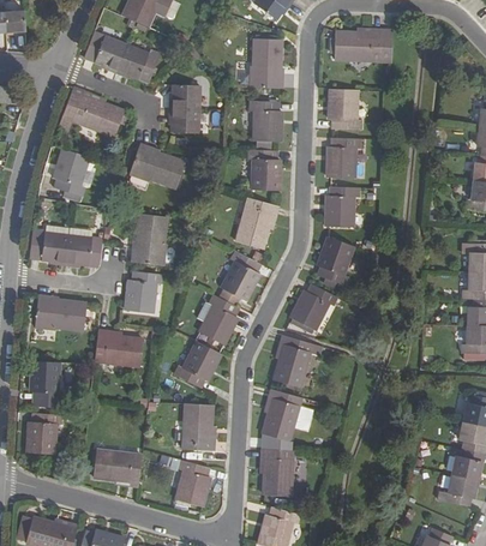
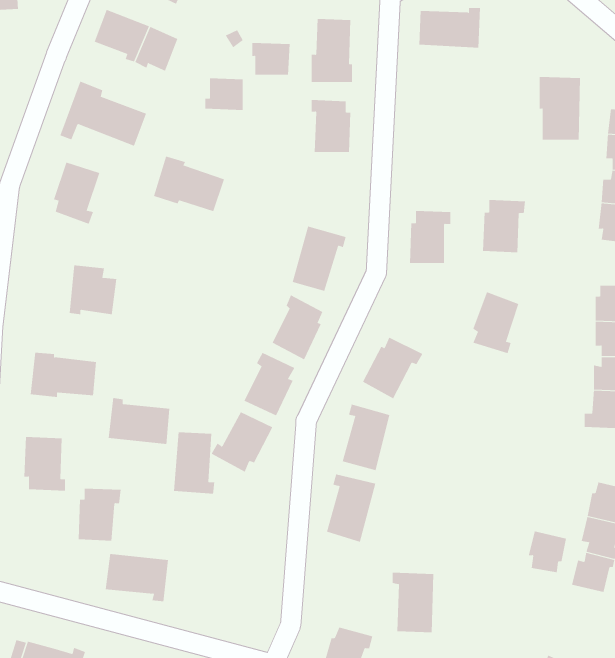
building: [330,80,362,130] -> [539,76,581,140]
building: [169,108,199,133] -> [251,42,290,75]
building: [328,138,361,179] -> [482,200,526,253]
building: [248,149,281,191] -> none
building: [132,214,167,265] -> none
building: [28,226,68,265] -> none
building: [318,236,354,284] -> [472,291,519,354]
building: [125,271,162,313] -> none
building: [182,403,215,451] -> [173,432,215,494]
building: [28,413,61,454] -> [78,488,121,541]
building: [260,449,293,496] -> [392,572,434,633]
building: [175,460,210,508] -> none
building: [446,474,476,506] -> [528,531,567,573]

